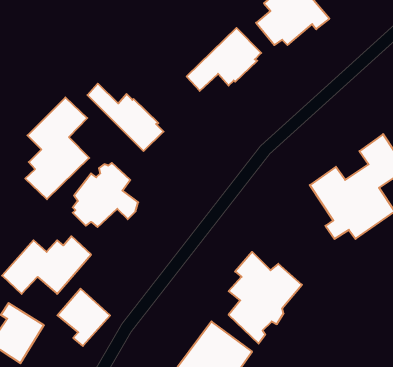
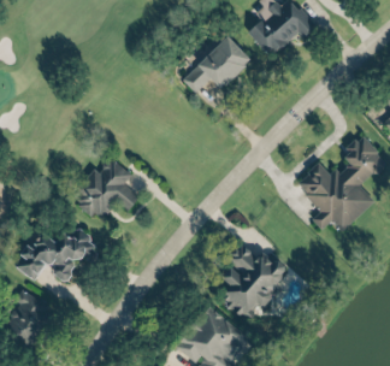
building: [87,84,164,151] -> none
building: [25,97,89,199] -> none
building: [57,289,110,346] -> none

